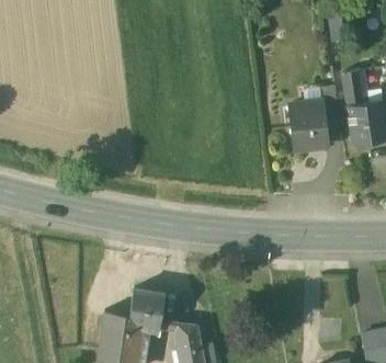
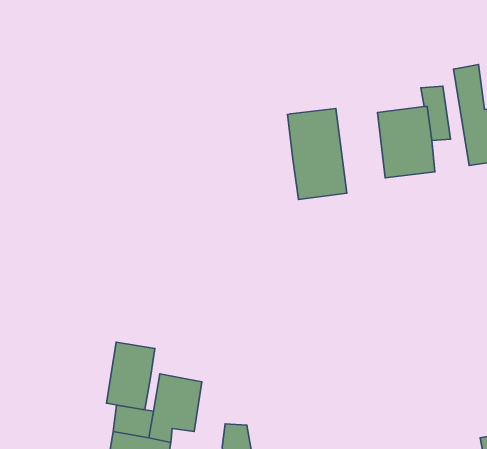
building: none -> [288,109,347,199]
building: none -> [106,342,155,409]

